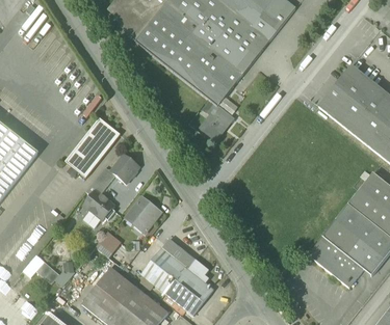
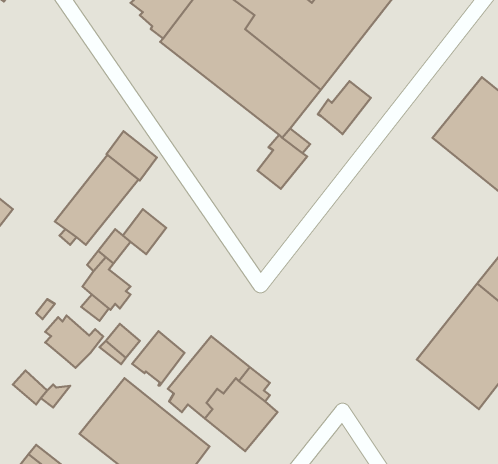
building: none -> [318,81,371,134]
building: none -> [106,131,157,180]
building: [126,196,161,233] -> [132,331,185,385]
building: none -> [45,316,103,368]

